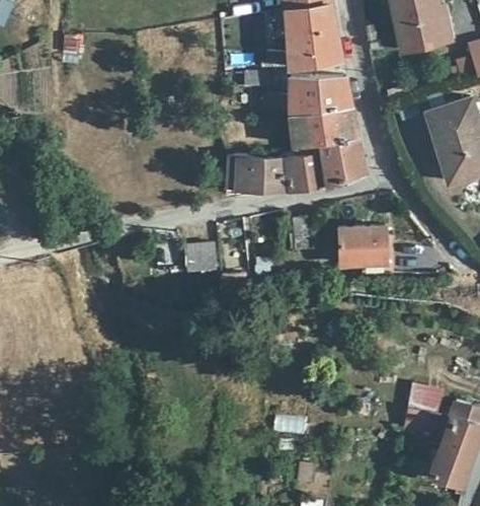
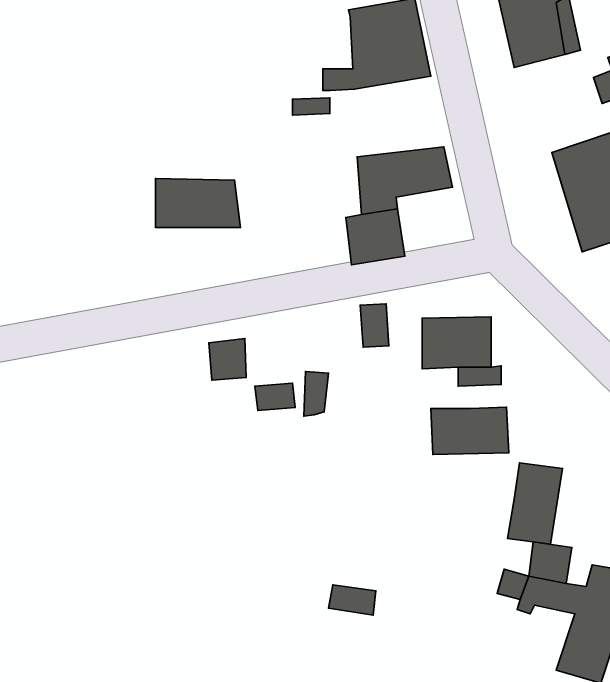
building: [263,79,352,115] -> none
building: [319,136,365,185] -> none
building: [228,156,288,191] -> [155,179,240,228]
building: none -> [431,407,509,454]
building: none -> [507,463,562,544]

